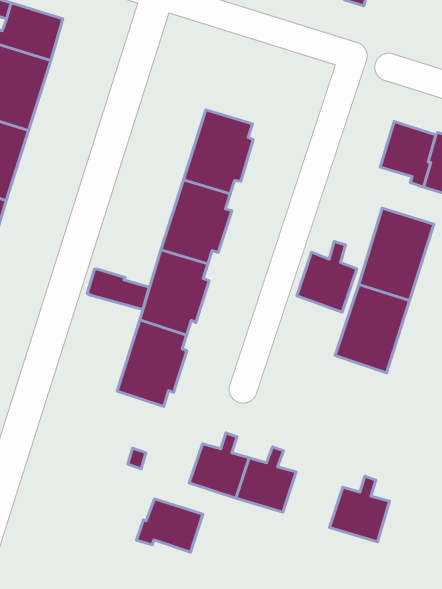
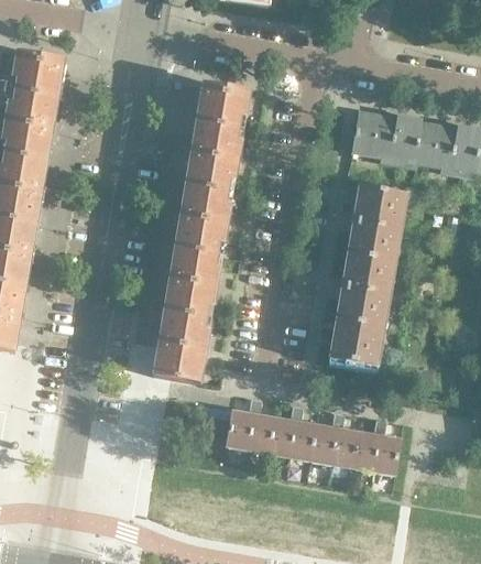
building: none -> [197,84,250,129]
building: [297,242,357,312] -> none
building: [87,269,149,309] -> none
building: none -> [330,318,383,367]
building: none -> [310,412,359,467]
building: [137,499,203,552] -> none

